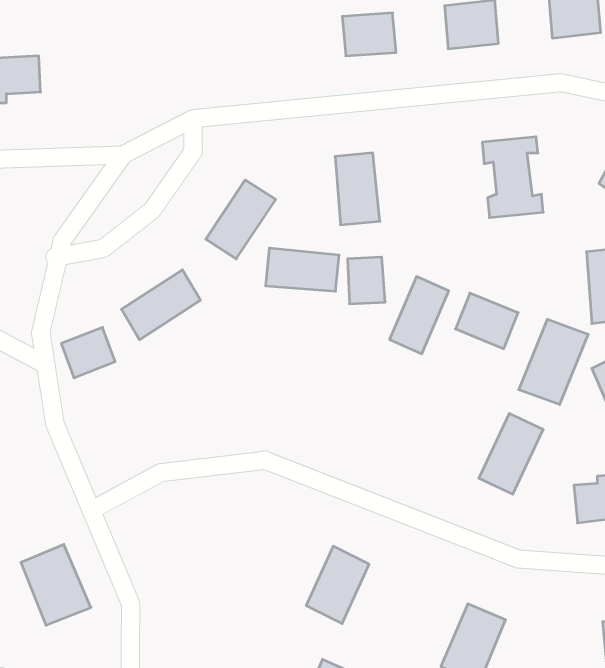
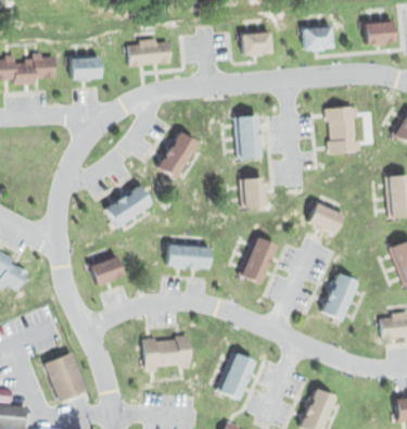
building: none -> [129,36,170,65]
building: none -> [69,54,99,83]
building: [266,248,339,291] -> [166,242,211,268]
building: [390,277,449,354] -> [242,238,278,285]
building: [519,319,588,405] -> none
building: [61,327,115,378] -> [91,255,124,286]
building: none -> [141,333,191,369]

